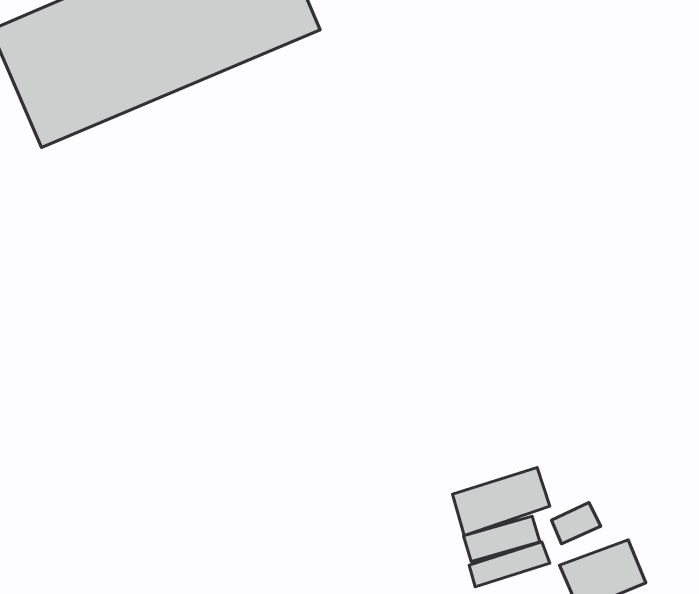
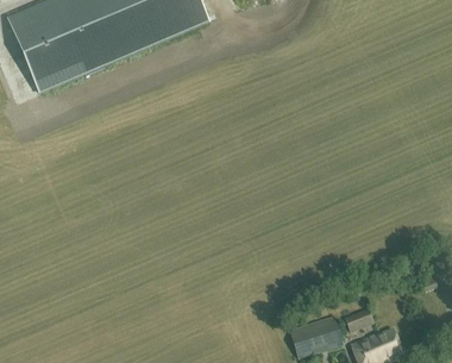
building: [453,468,550,536] -> none

